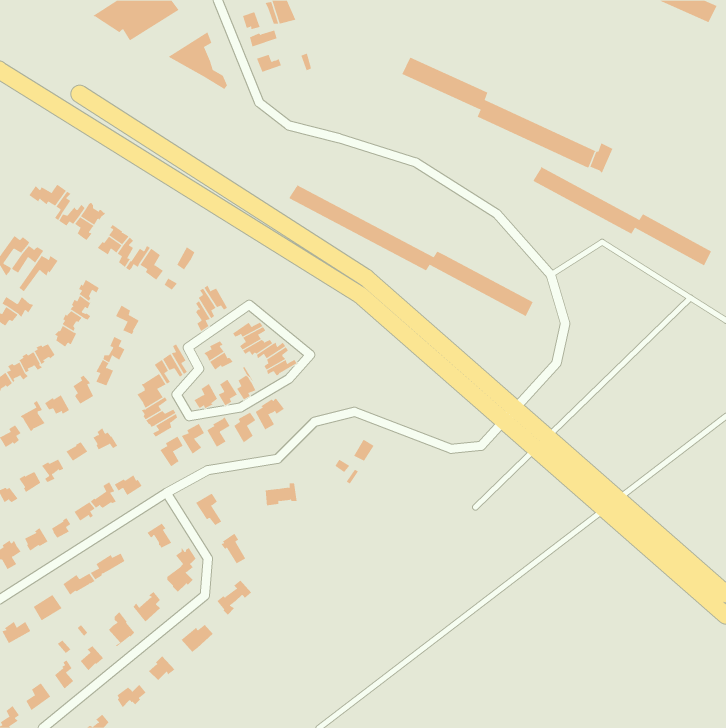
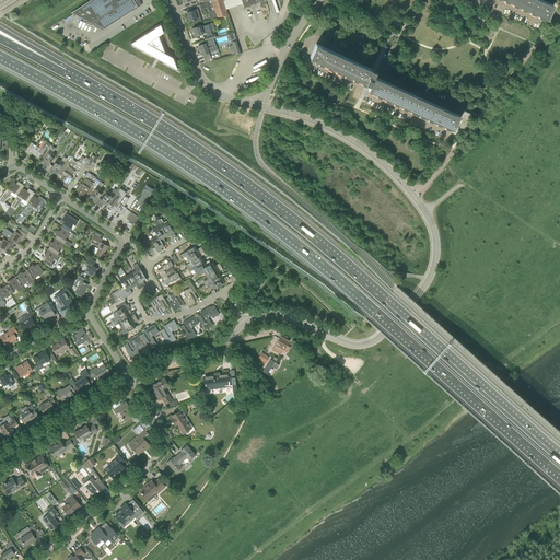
building: [533,166,712,266] -> none
building: [289,184,533,317] -> none

